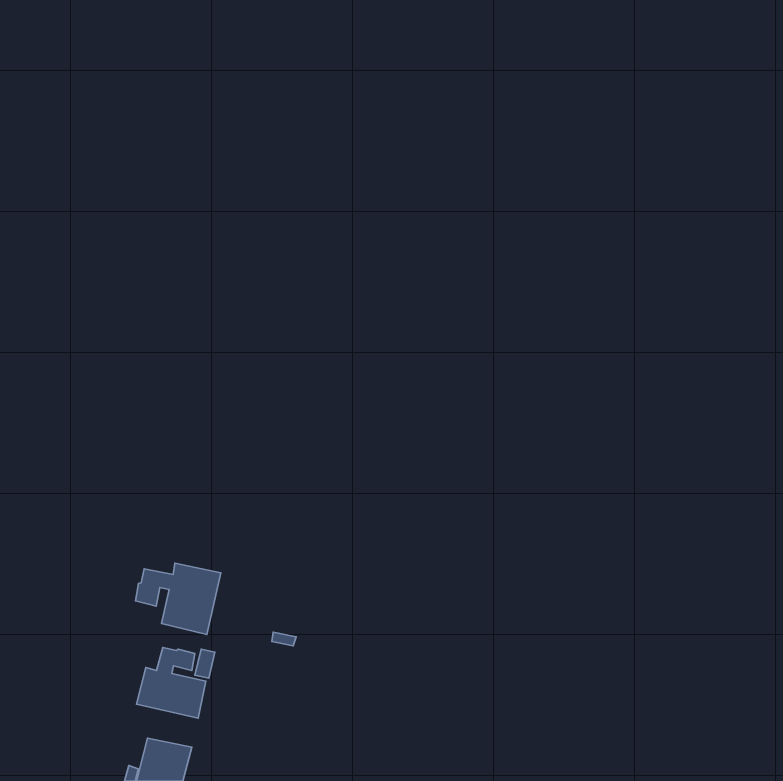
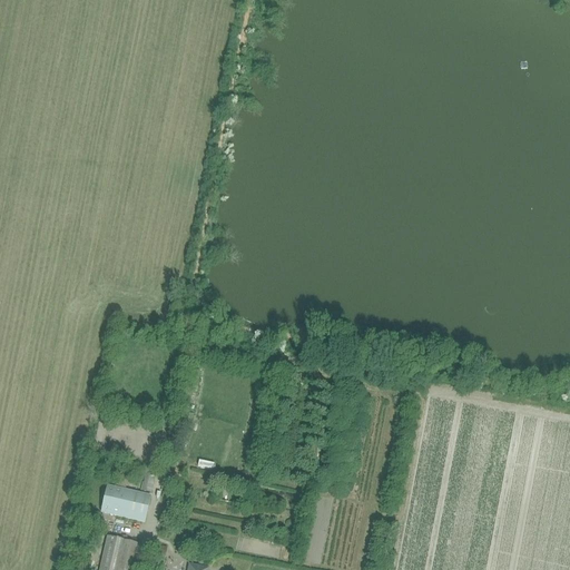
building: [136,563,221,634] -> none

